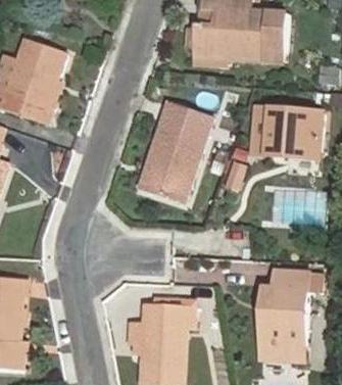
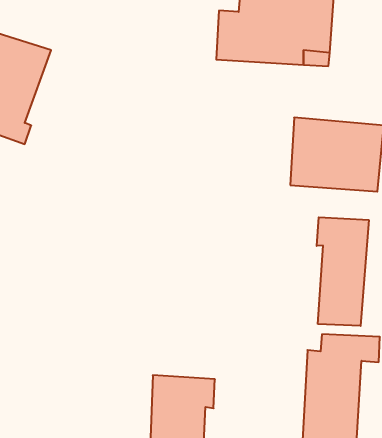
building: [145,102,211,201] -> none
building: none -> [317,217,369,326]

